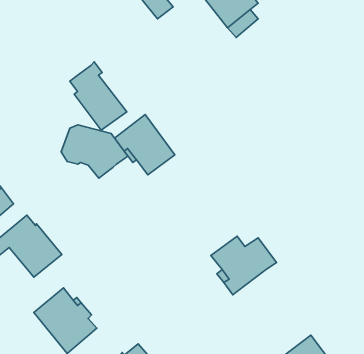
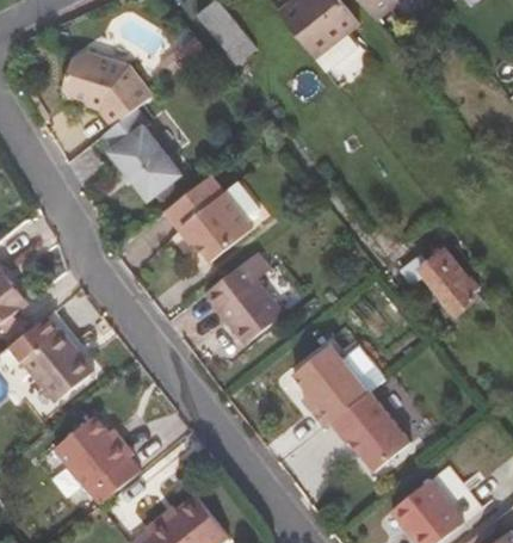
building: [61,125,128,178] -> [61,54,152,127]
building: none -> [402,252,482,317]
building: none -> [205,253,283,344]
building: none -> [329,391,409,471]

